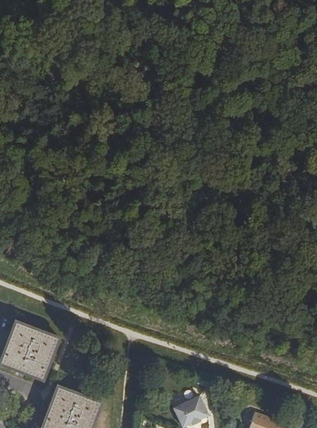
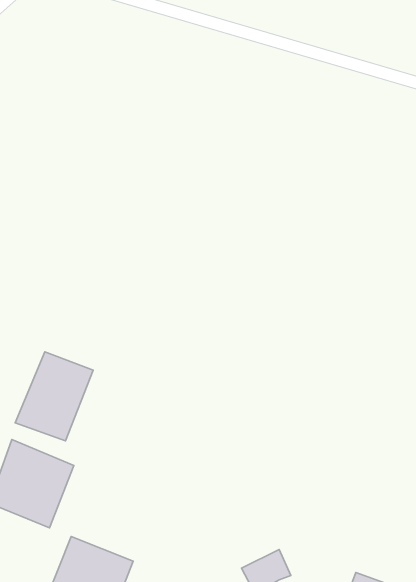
building: none -> [15,352,93,441]

